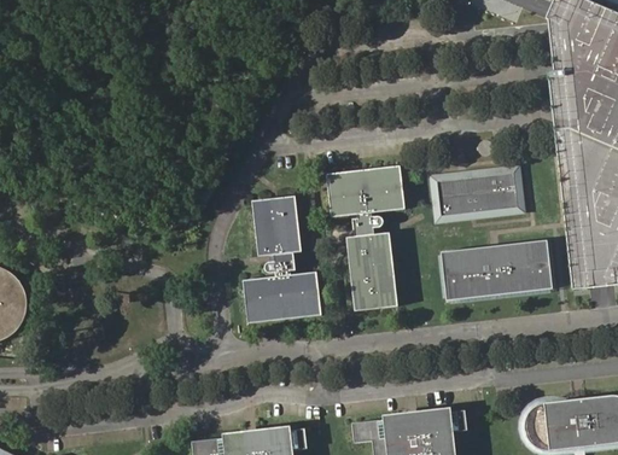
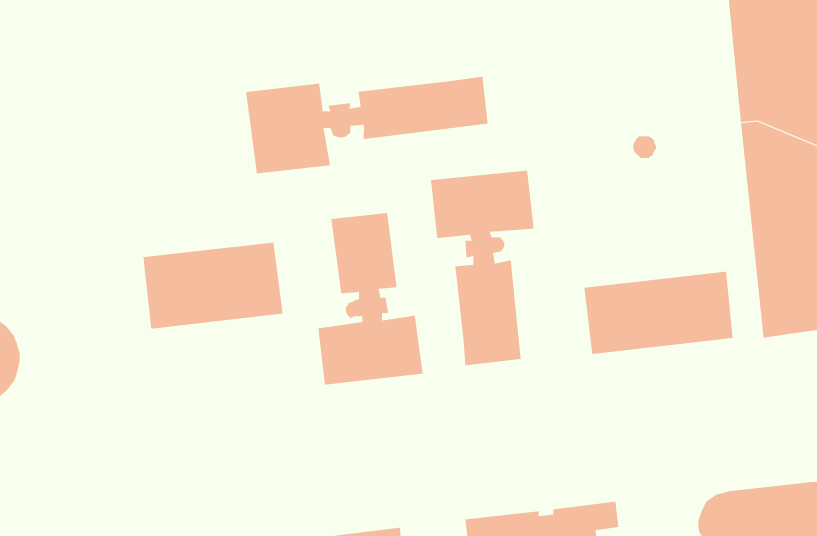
building: none -> [245,76,488,174]
building: [430,163,526,223] -> none
building: none -> [143,242,283,329]

